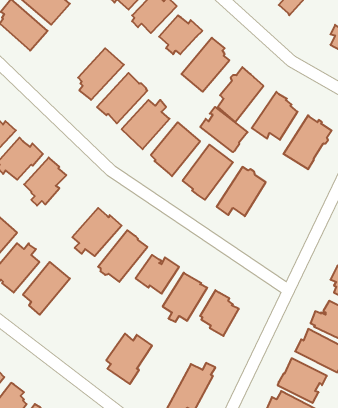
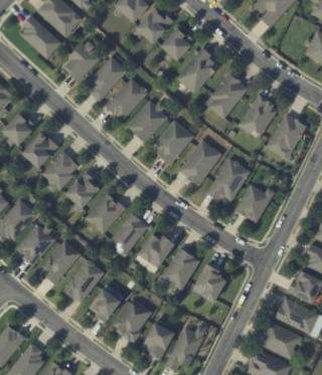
building: none -> [62,40,100,81]
building: [200,107,248,152] -> none
building: none -> [63,170,100,211]
building: none -> [234,184,275,222]
building: none -> [62,260,104,304]
building: none -> [89,290,121,323]
building: none -> [144,318,174,359]

